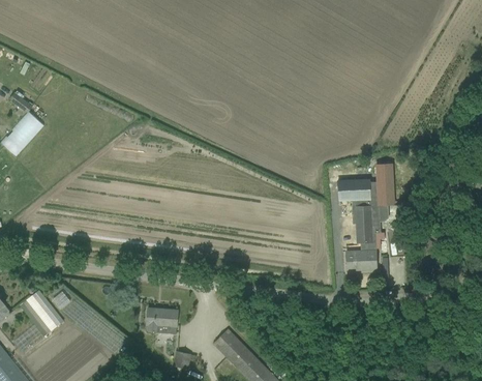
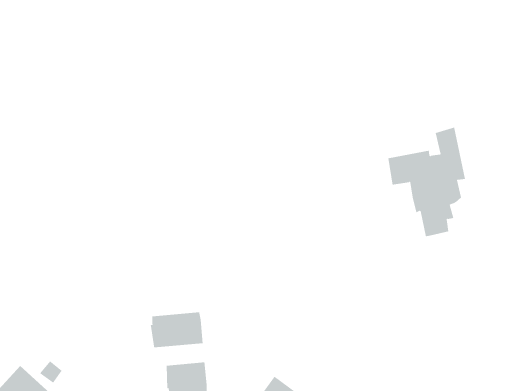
building: [347,241,376,269] -> none
building: none -> [150,311,203,348]

